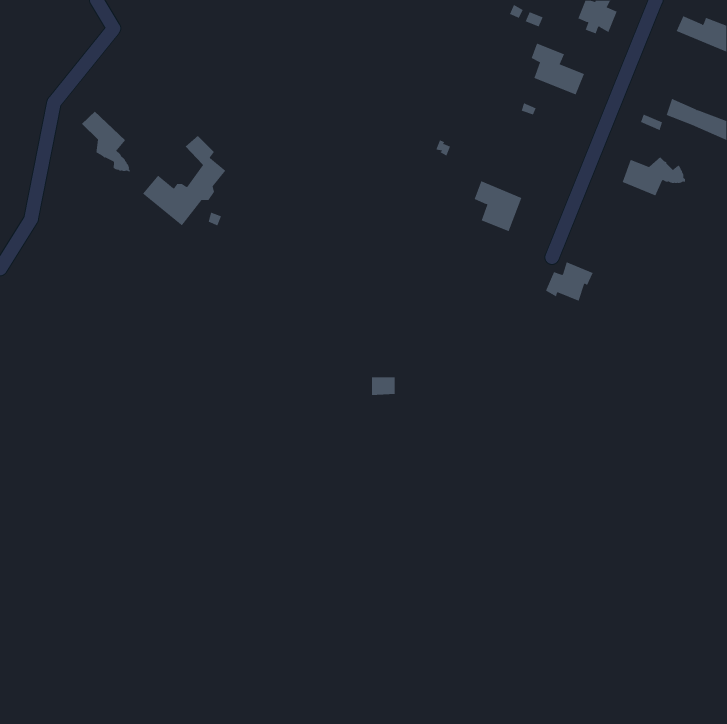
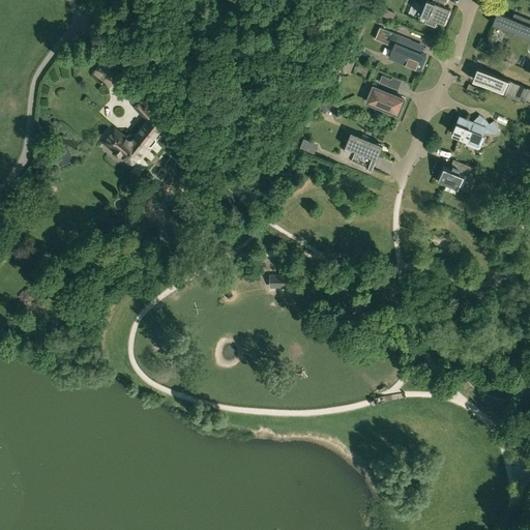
building: [81,111,131,172] -> none
building: none -> [366,88,404,116]
building: [545,262,593,301] -> [437,160,472,189]

